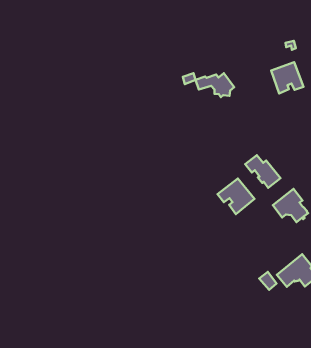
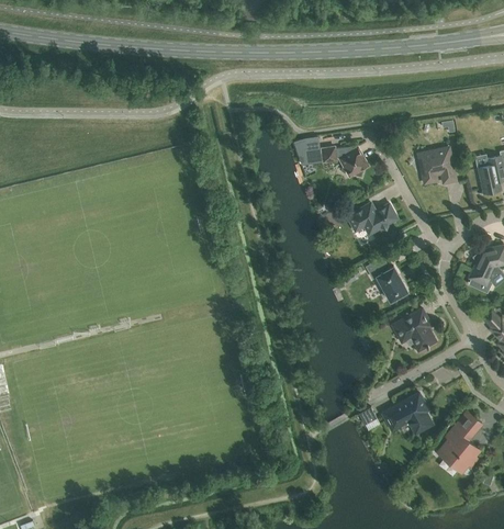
building: none -> [347,203,397,236]
building: [217,178,254,214] -> none

